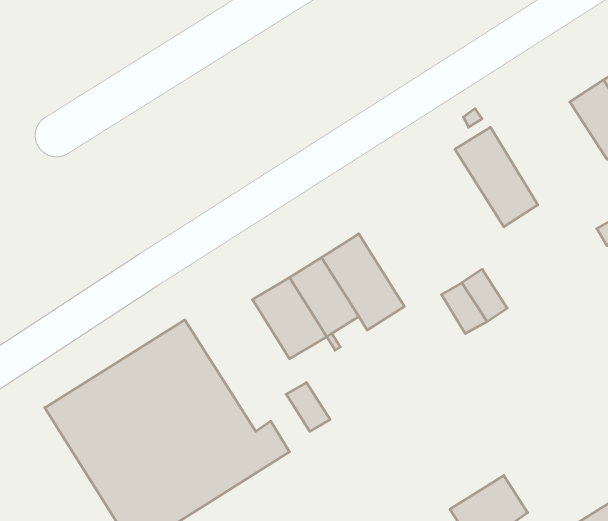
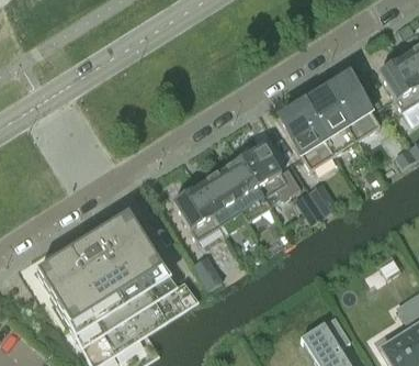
building: none -> [327,75,381,138]
building: none -> [280,102,336,168]
building: none -> [241,143,287,196]

